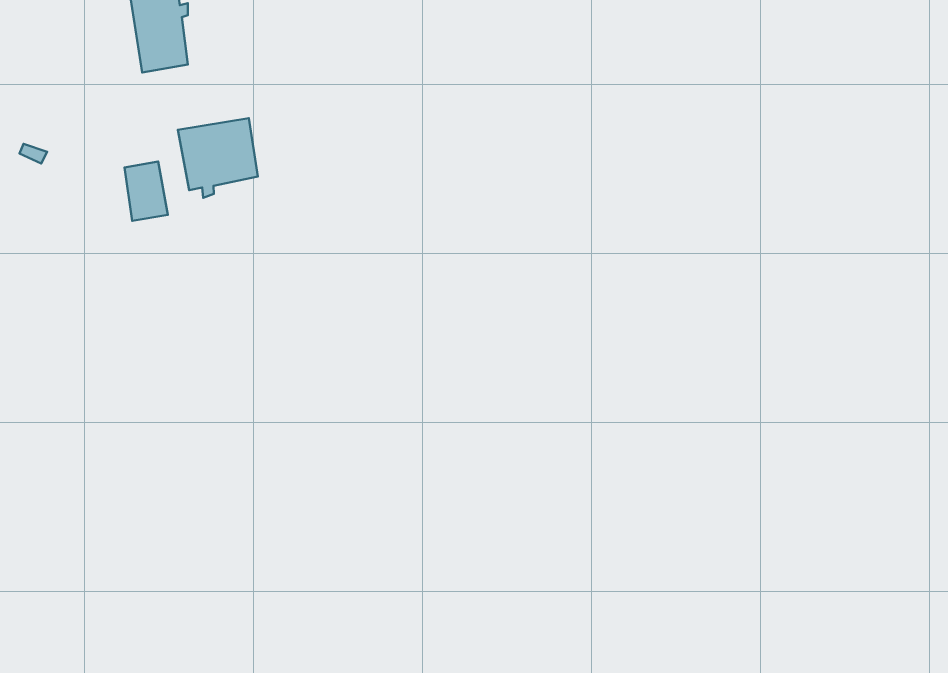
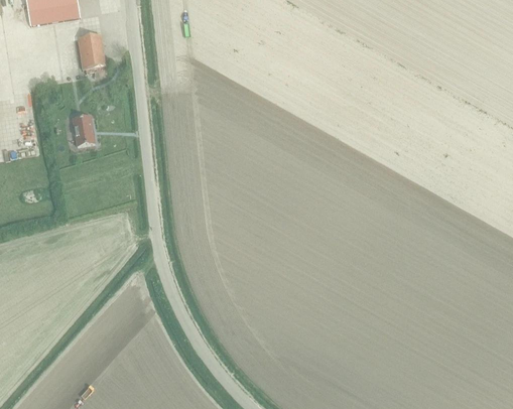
building: [178,118,258,198] -> none

